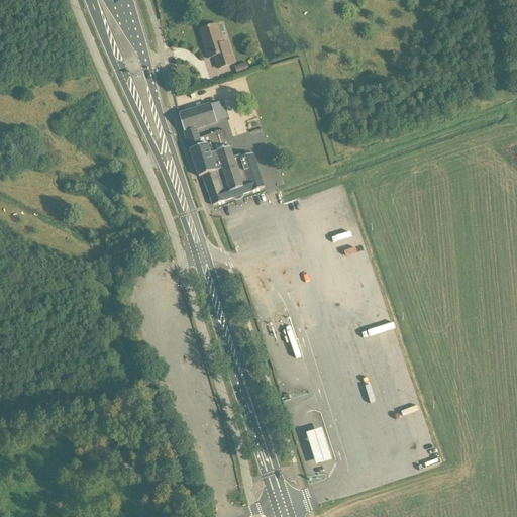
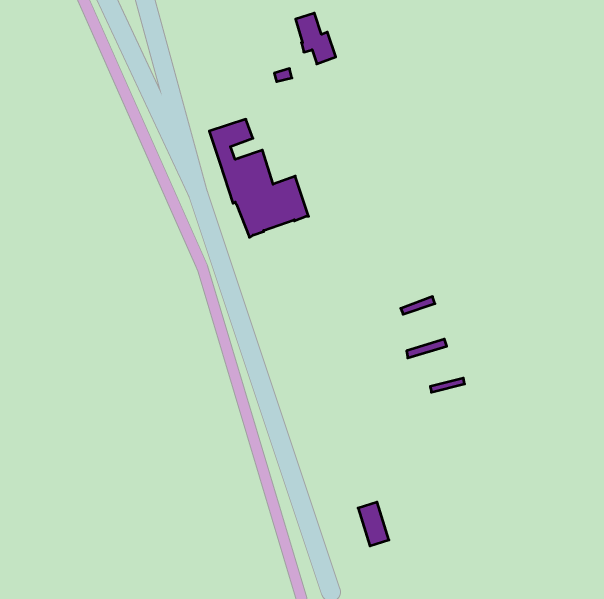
building: [200,22,234,66] -> [296,13,336,64]

